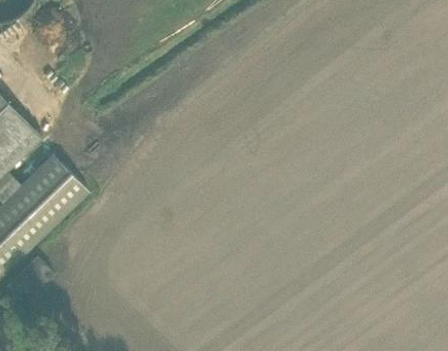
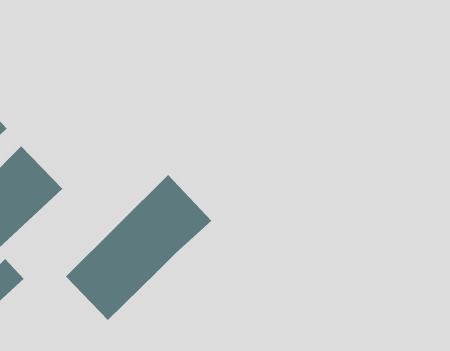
building: none -> [65,174,212,321]

